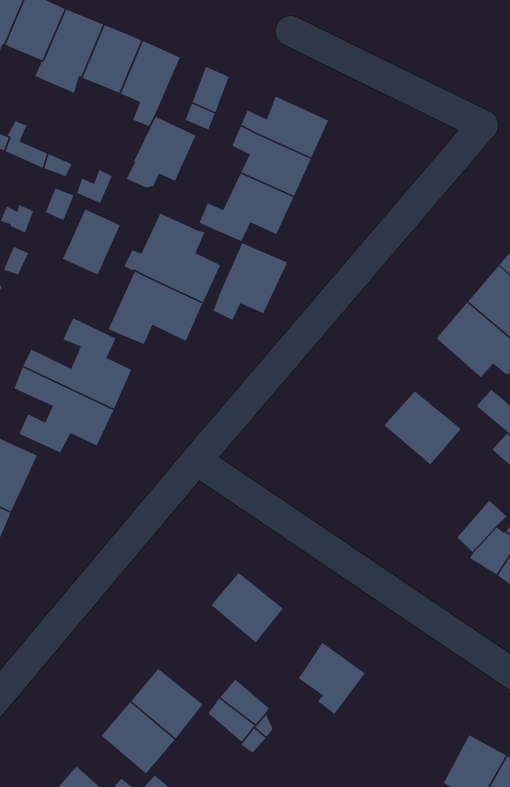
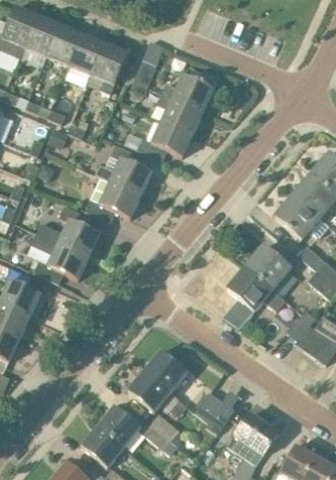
building: [125,116,197,188] -> none
building: [62,209,121,275] -> none
building: [212,242,288,321] -> none
building: none -> [227,266,284,320]
building: none -> [127,370,179,412]
building: none -> [216,413,278,465]

